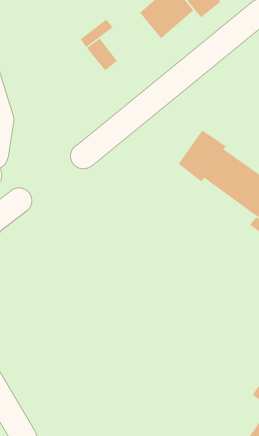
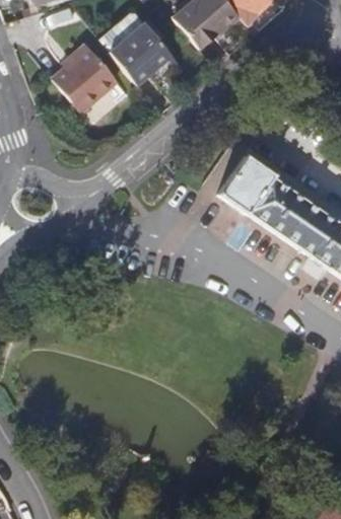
building: none -> [128,29,169,73]
building: none -> [53,49,114,109]

